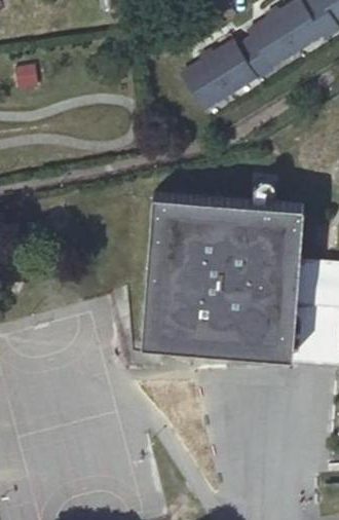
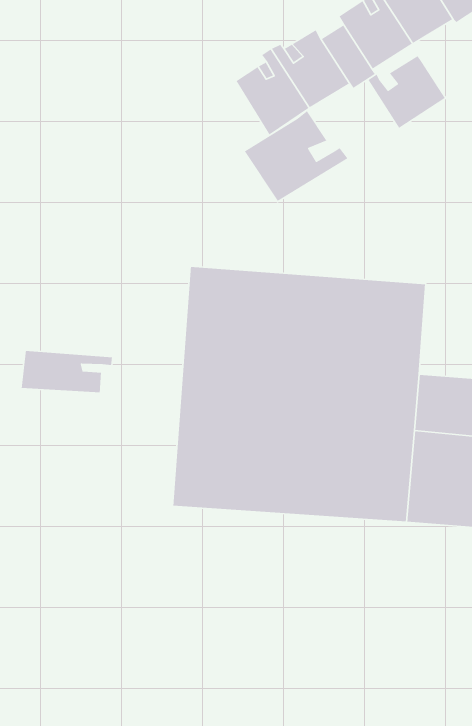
building: none -> [368,55,446,129]
building: none -> [244,110,348,202]
building: none -> [21,350,113,393]

